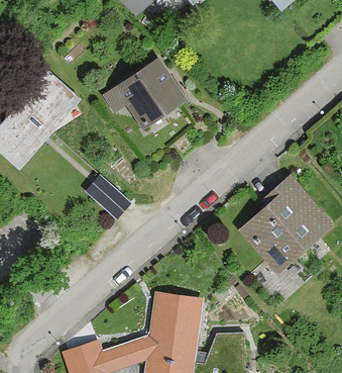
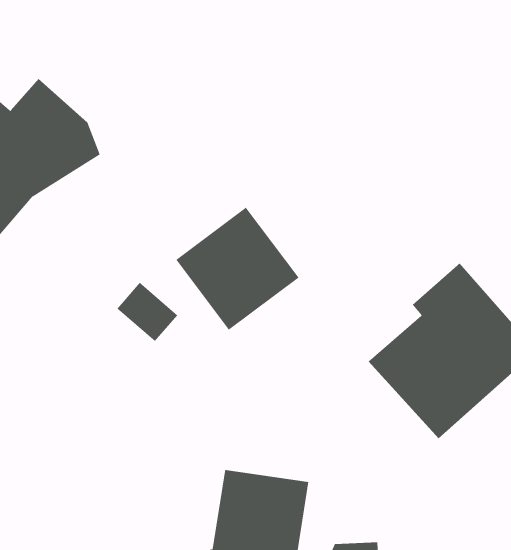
building: [116,58,187,128] -> [175,207,299,331]

